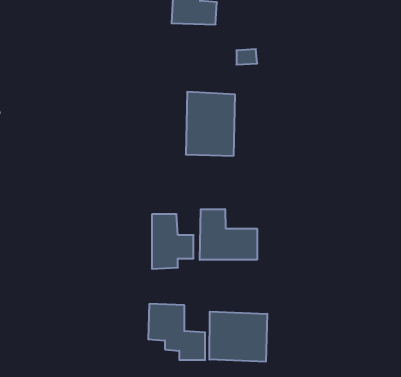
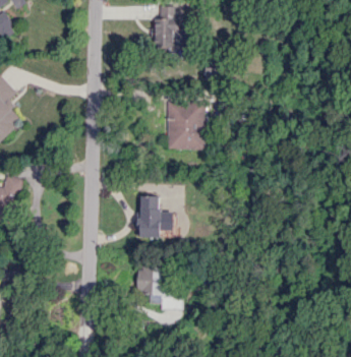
building: [200,209,257,260] -> none
building: [209,312,267,362] -> none

